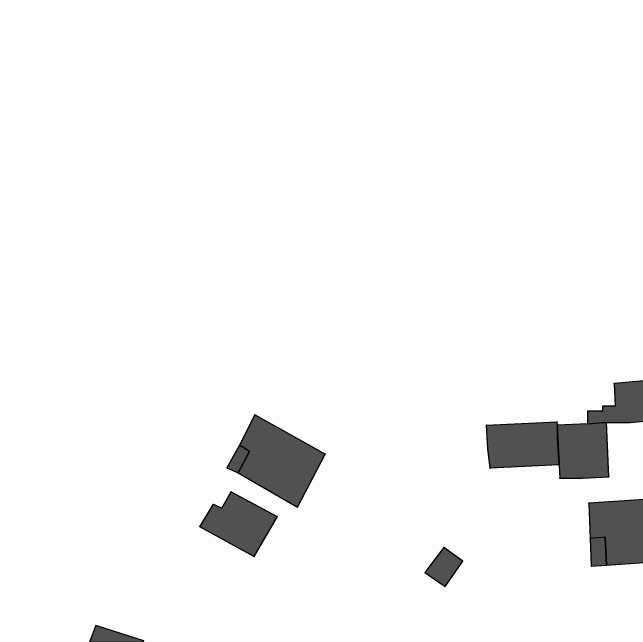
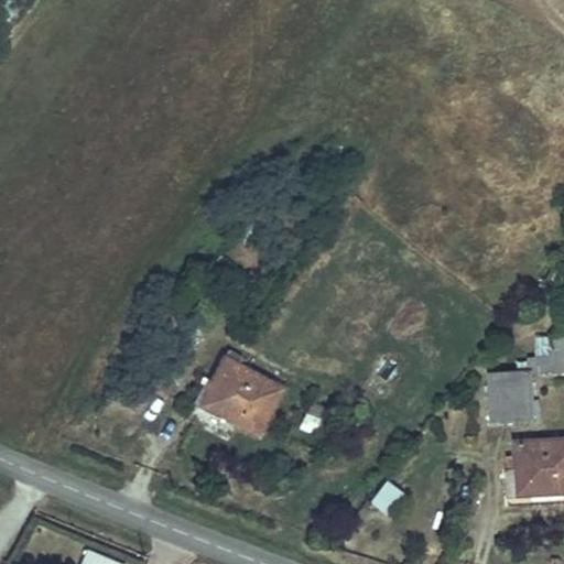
building: [487,422,559,468] -> none
building: [200,492,277,557] -> none

